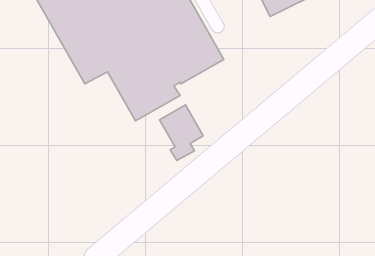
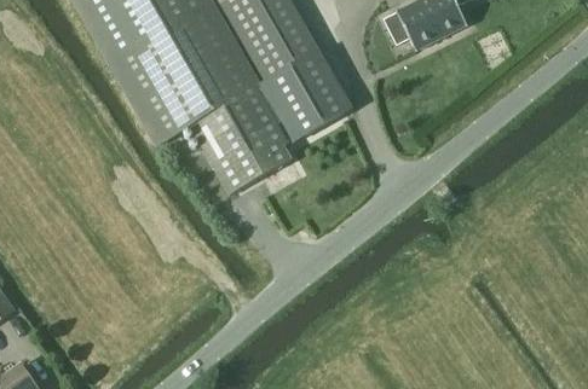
building: [159,105,203,161] -> none

